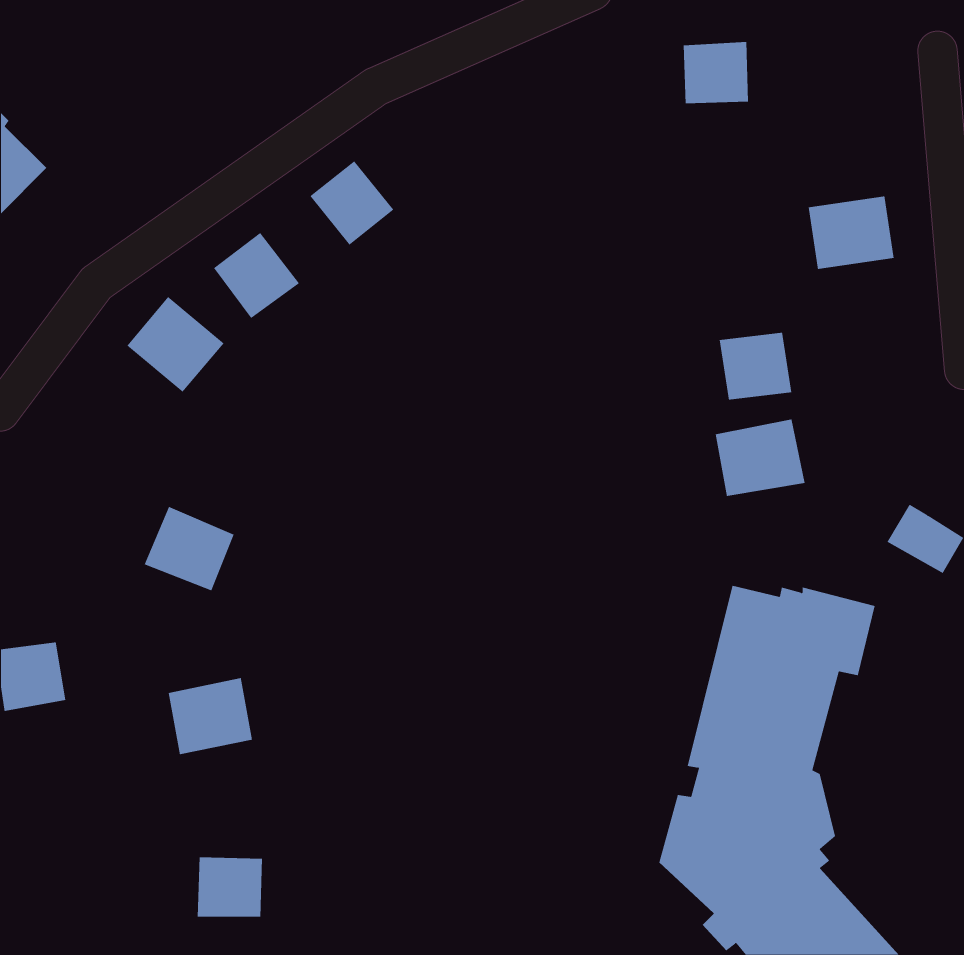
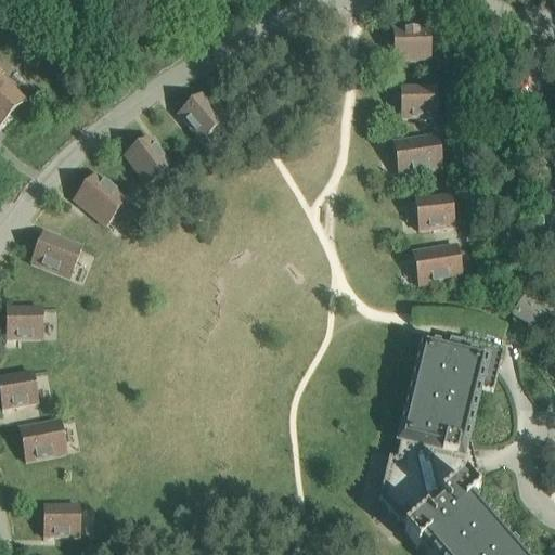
building: none -> [399,81,438,117]
building: [808,196,895,270] -> [392,132,442,175]
building: [144,506,235,591] -> [30,229,82,278]
building: none -> [7,305,42,338]
building: [168,678,253,755] -> [18,416,67,461]
building: [197,857,263,917] -> [42,502,80,537]

